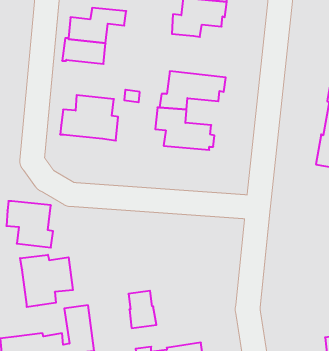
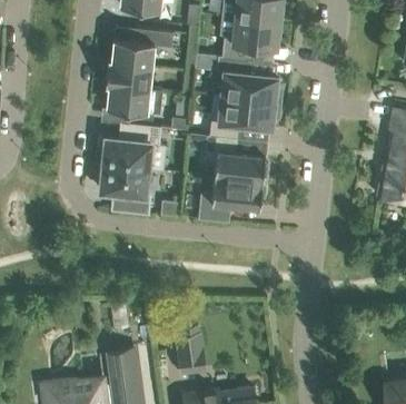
building: none -> [217,57,283,104]
building: none -> [107,85,162,120]
building: none -> [198,177,266,223]
building: [6,201,53,248] -> [100,165,150,215]
building: [20,255,73,307] -> none

